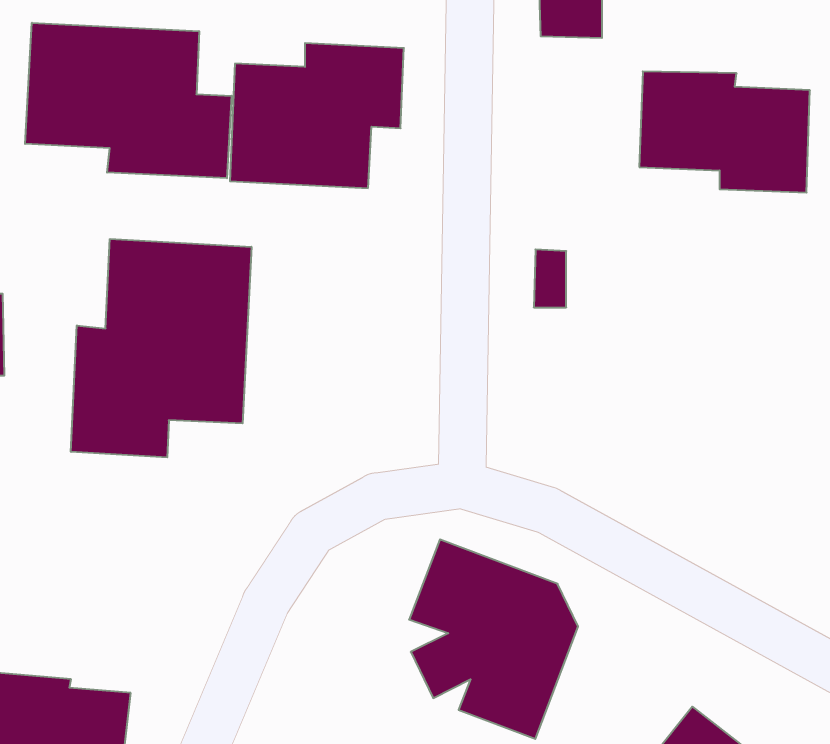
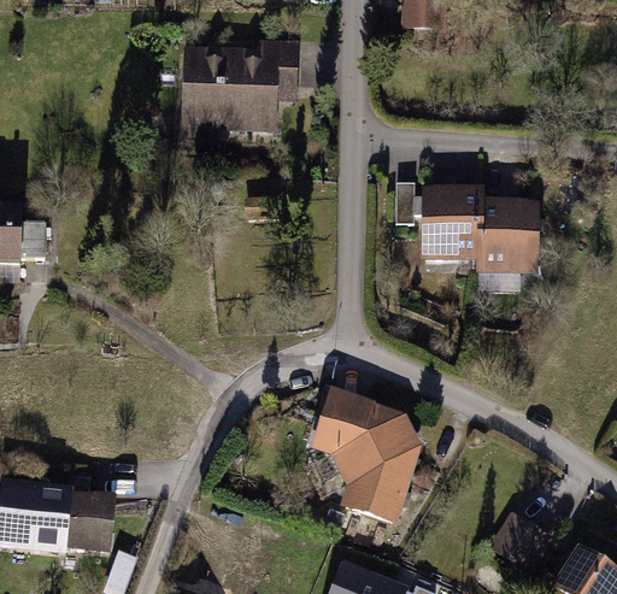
building: [25,23,232,178] -> none
building: [639,71,810,193] -> [423,189,543,275]
building: [71,239,251,457] -> none

